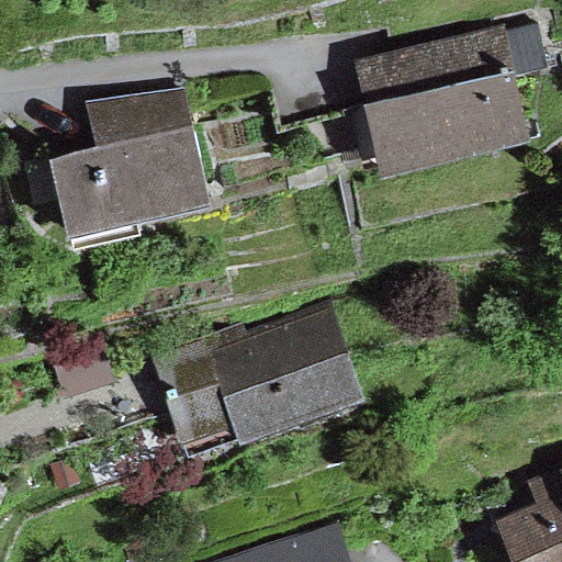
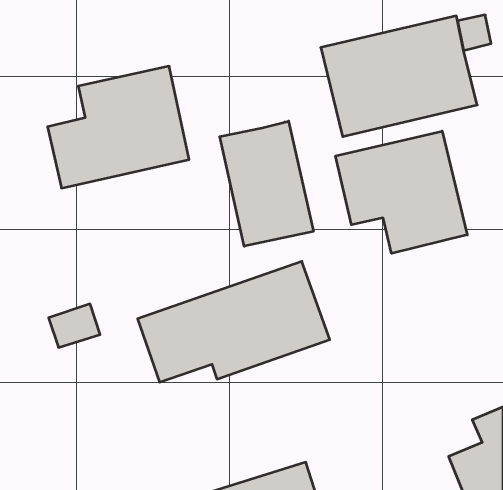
building: none -> [220,121,313,246]
building: none -> [336,131,467,253]

